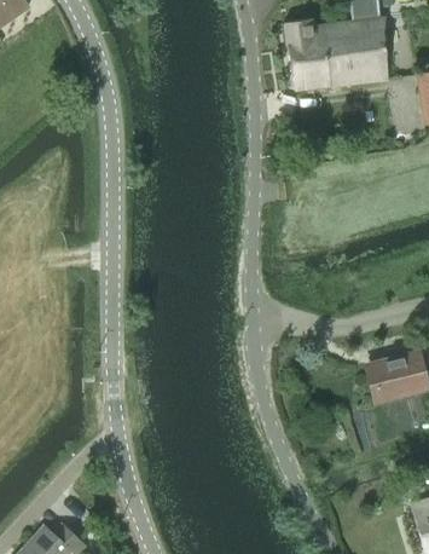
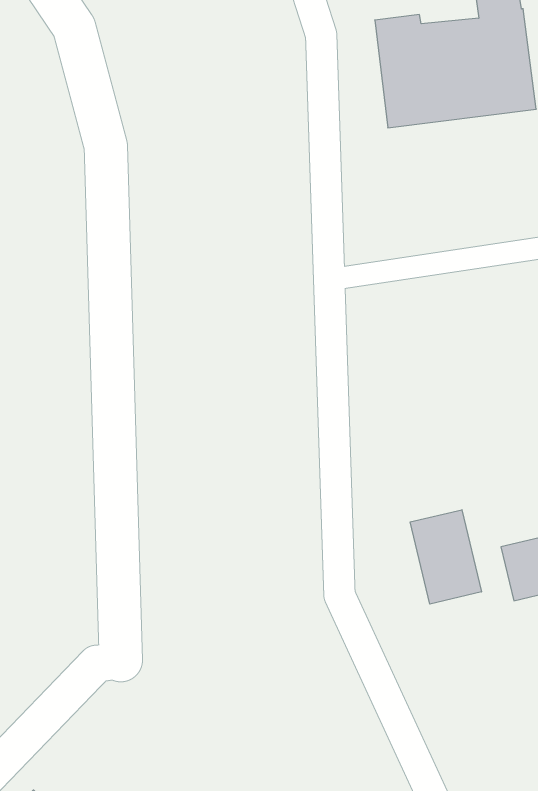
building: none -> [410,510,481,604]

